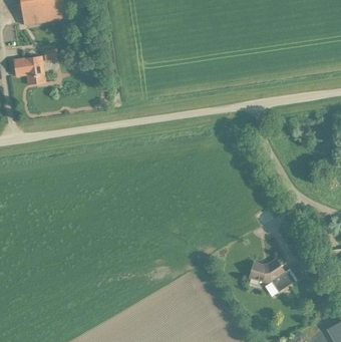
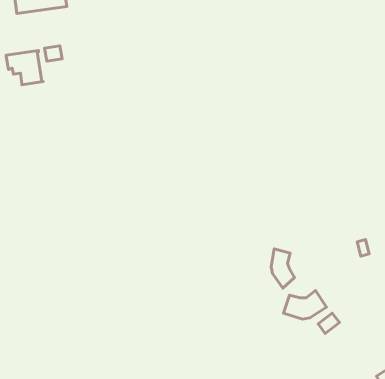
building: none -> [271,249,295,288]

